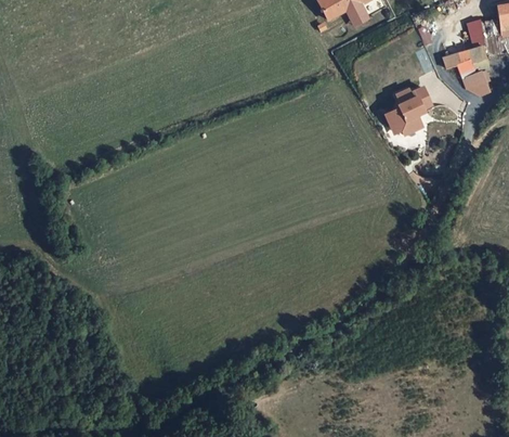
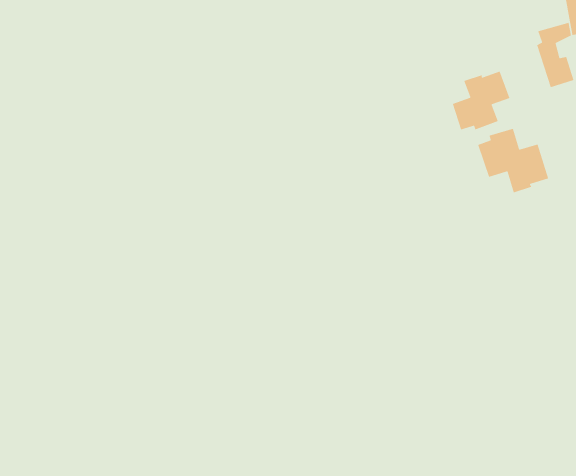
building: none -> [477,128,549,194]

